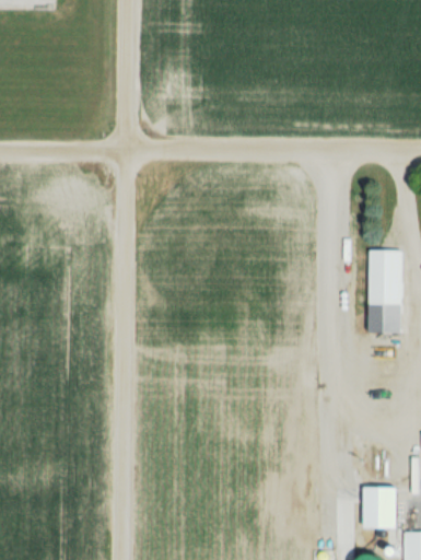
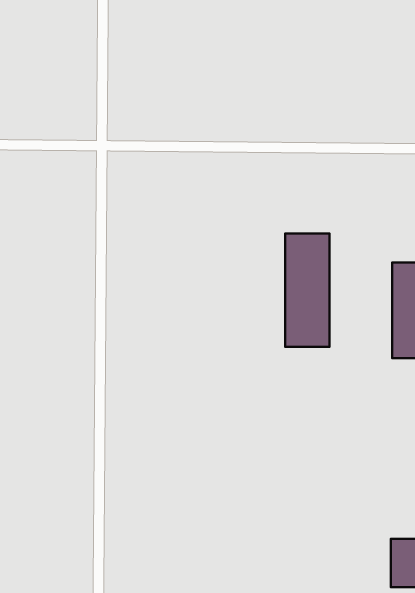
building: none -> [285,234,330,347]

